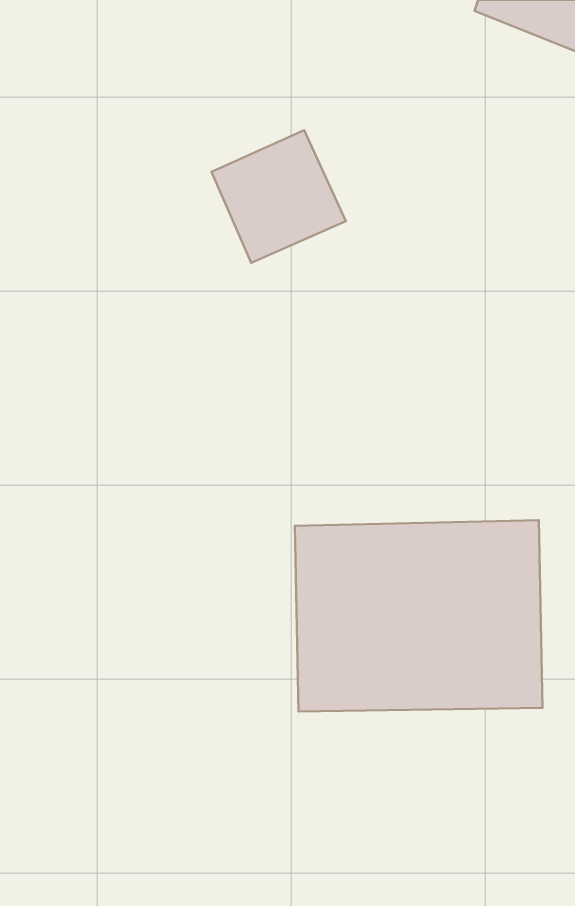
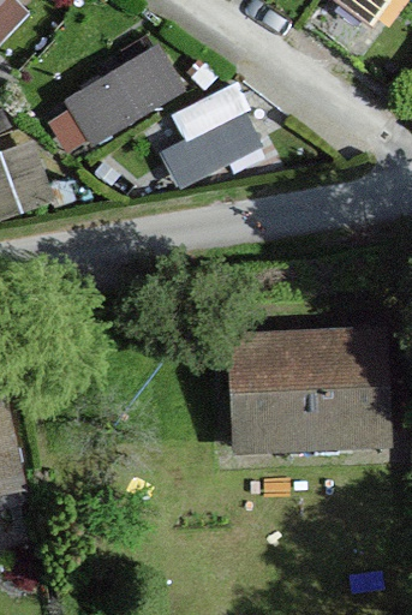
building: none -> [61,38,190,145]

